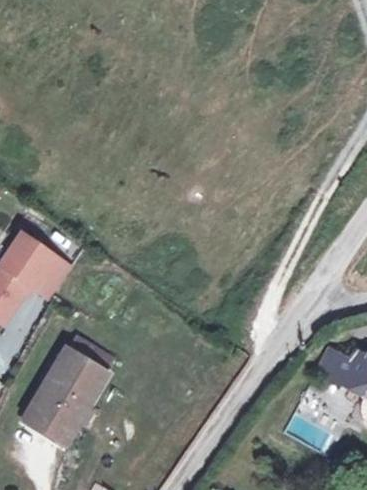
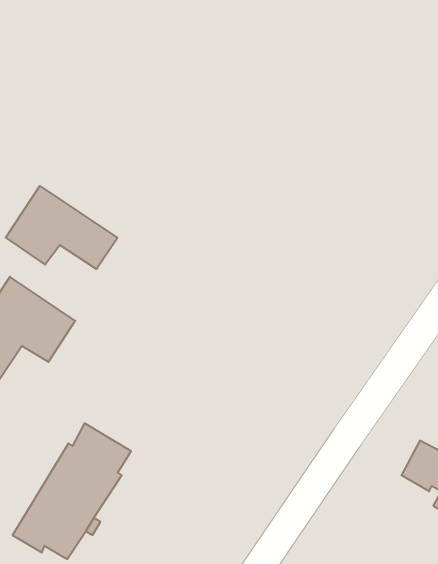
building: none -> [6,186,117,269]

